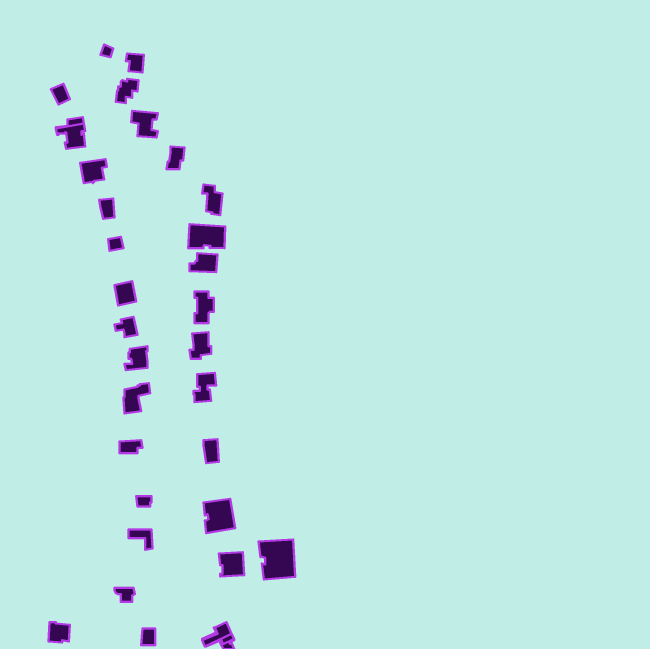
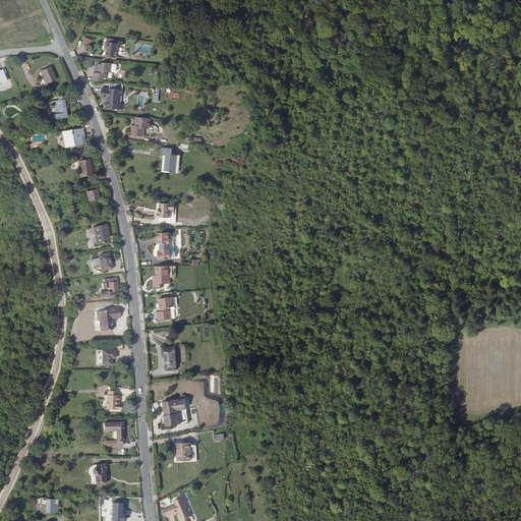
building: [188,224,225,248] -> none
building: [258,540,295,580] -> none

